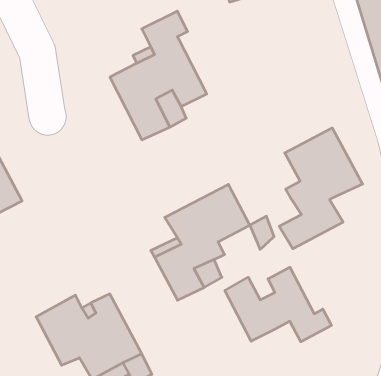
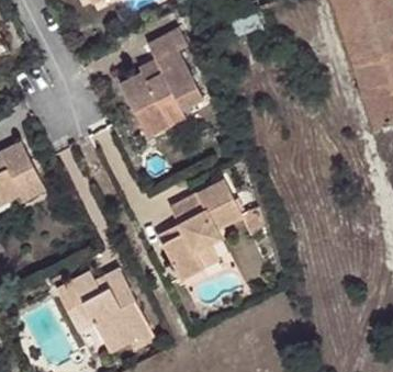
building: [279,128,363,249] -> none
building: [225,267,331,342] -> none

